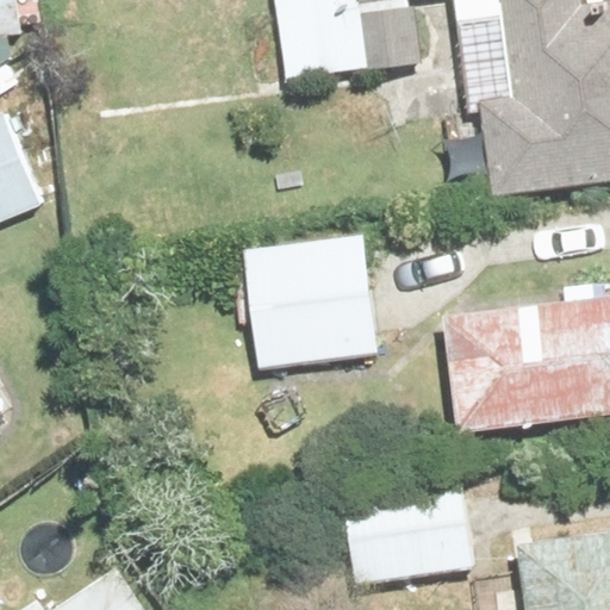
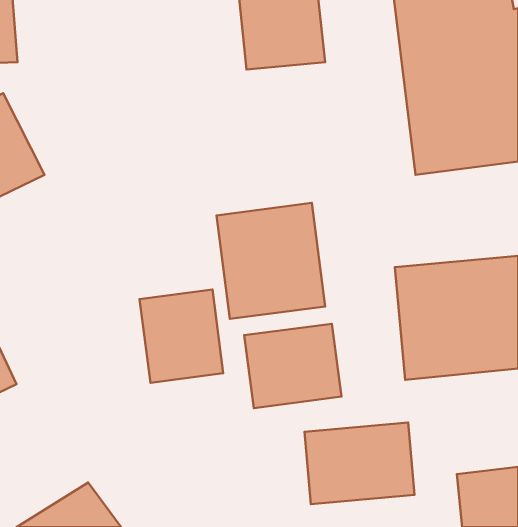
building: none -> [140,290,223,383]
building: none -> [244,324,342,408]

